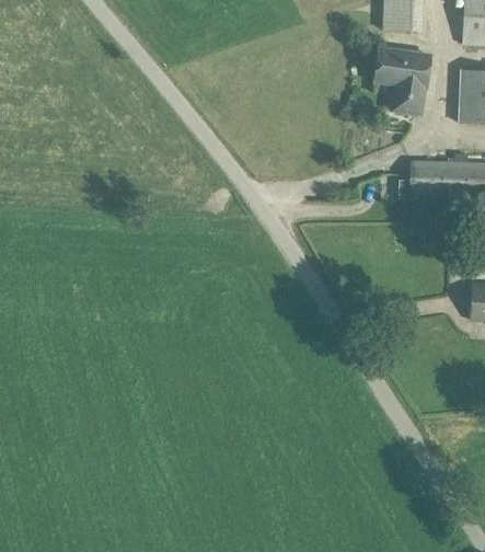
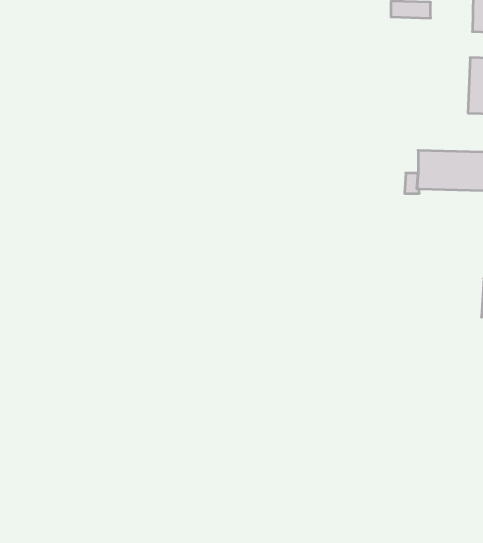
building: [377,48,430,113] -> none

